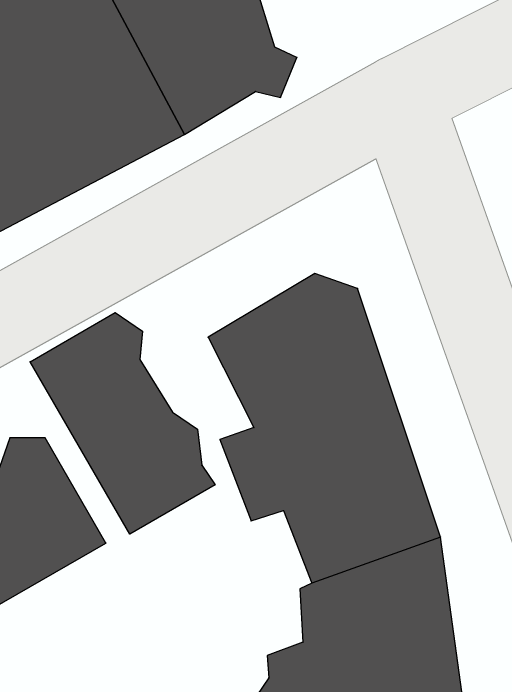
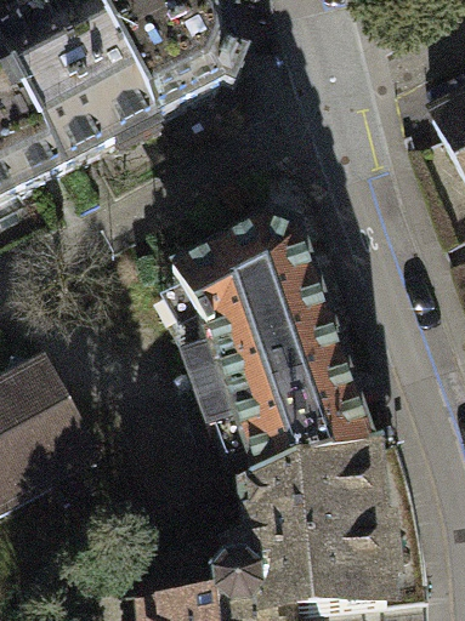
building: [30,313,215,534] -> none

